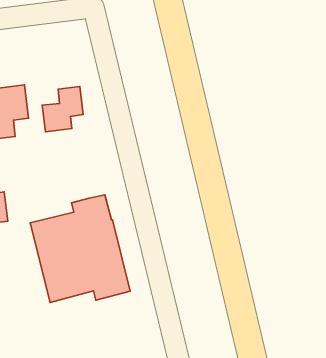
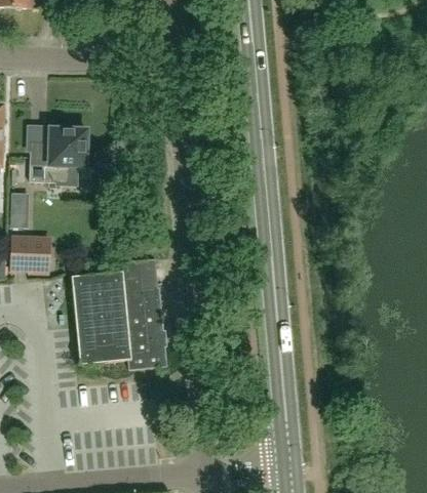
building: [42,86,83,132] -> none

